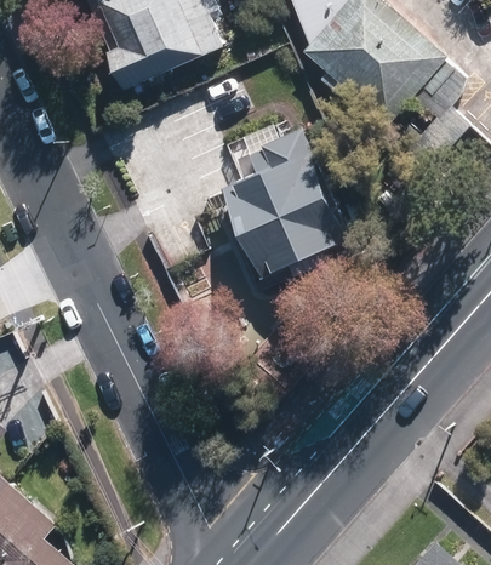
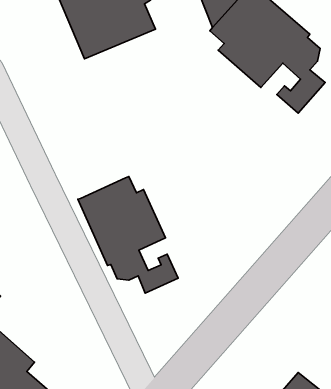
building: [212,131,342,282] -> none
building: none -> [78,176,178,293]

